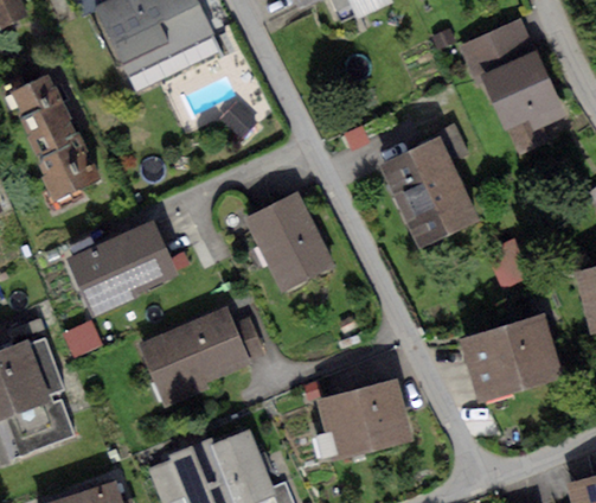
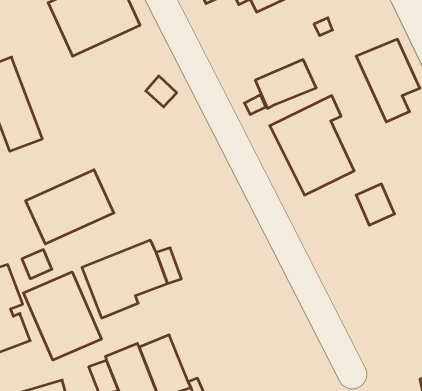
building: [460,19,537,81] -> [255,60,316,108]
building: [248,193,334,291] -> none
building: [456,312,563,401] -> none
building: none -> [23,272,101,360]
building: [313,383,406,458] -> none

